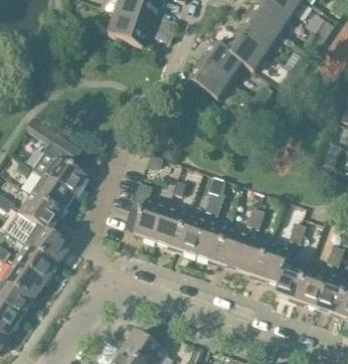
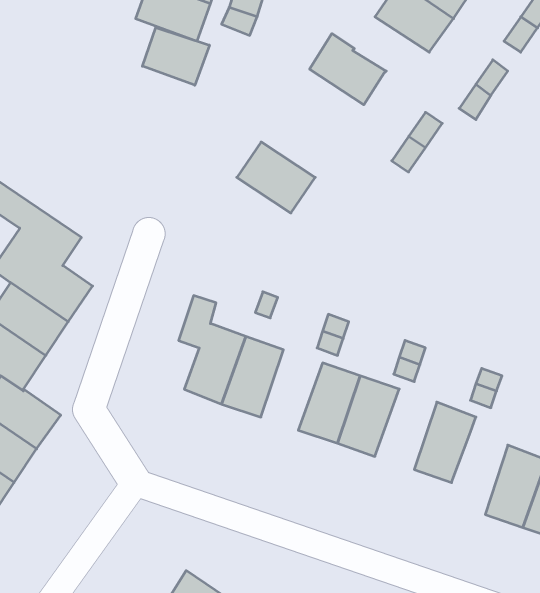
building: [224,33,266,71] -> none
building: none -> [142,28,209,85]
building: [188,61,230,100] -> [237,142,315,213]
building: [175,212,208,255] -> none
building: [236,233,270,277] -> none
building: [275,256,308,301] -> none

